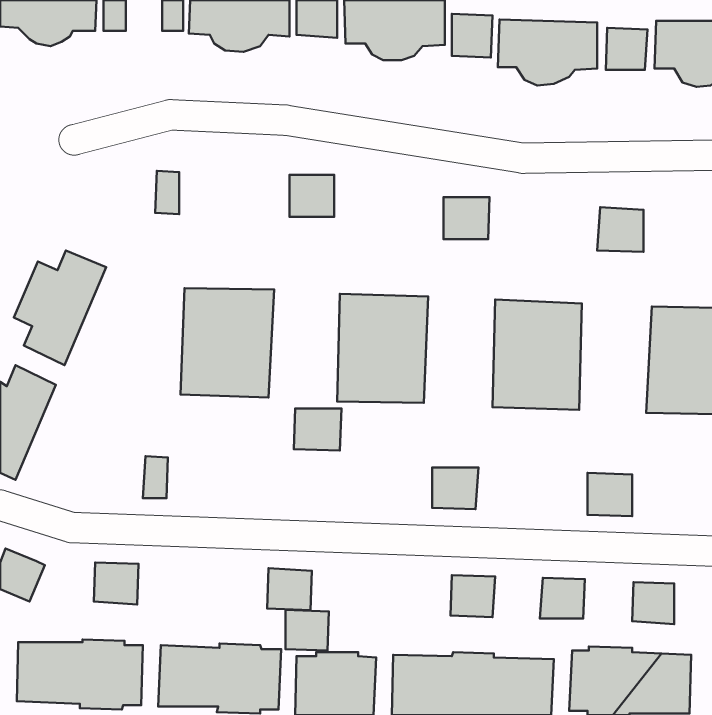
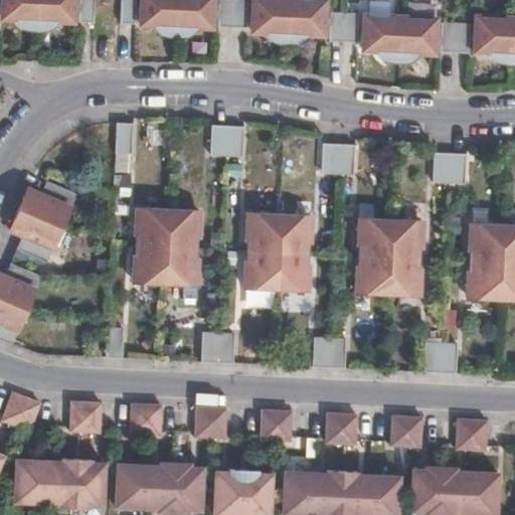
building: [294,408,341,450] -> [200,332,234,362]
building: none -> [130,406,161,437]
building: [286,610,329,651] -> [261,411,292,441]

